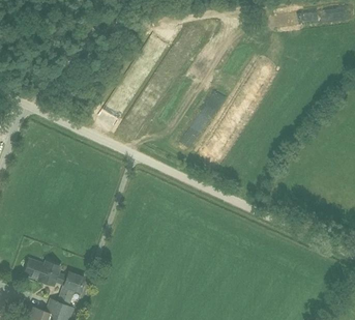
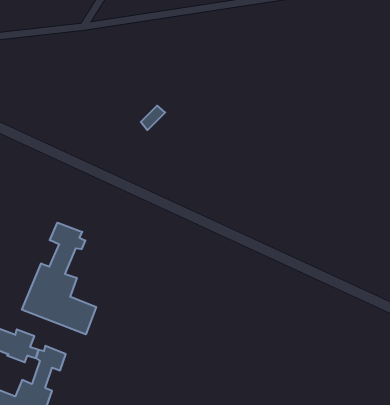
building: none -> [22,223,96,334]

